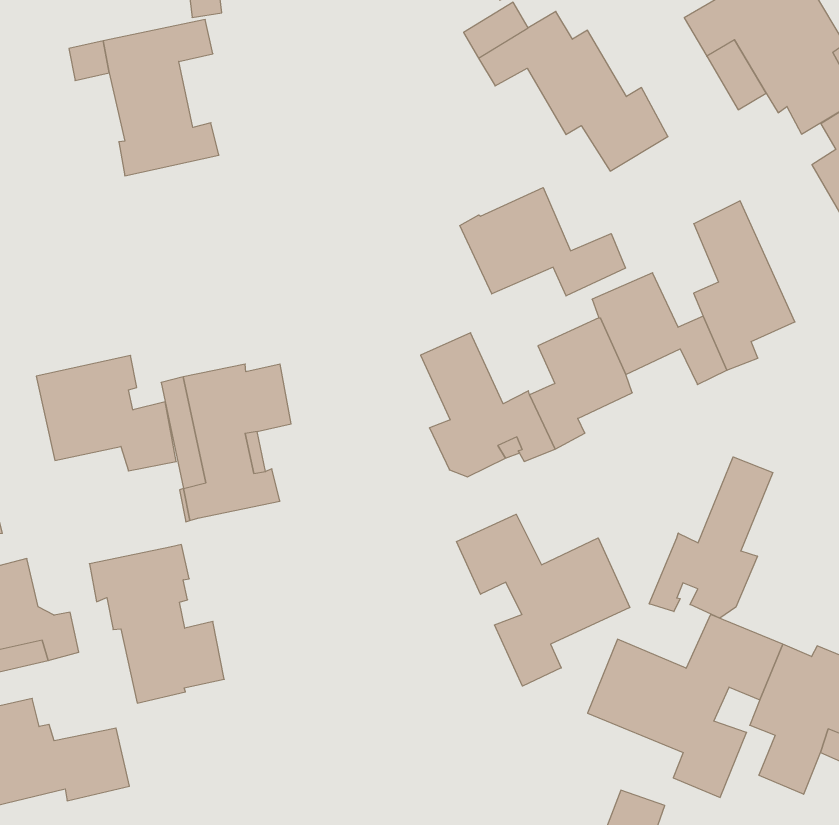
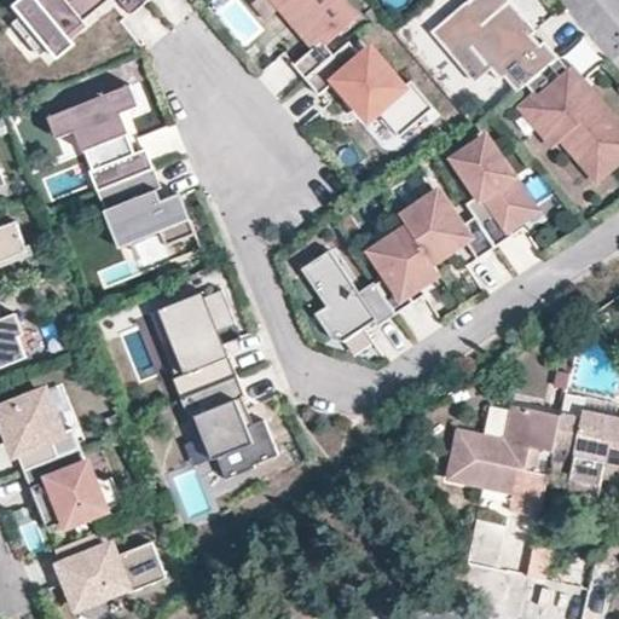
building: [460,188,626,296] -> none
building: [36,355,176,471] -> [97,167,193,241]
building: [649,457,773,618] -> none
building: [456,514,630,686] -> none
building: [89,545,224,703] -> [179,375,276,479]

